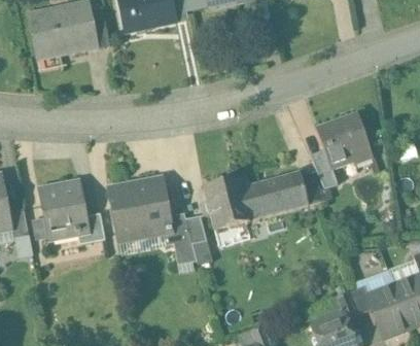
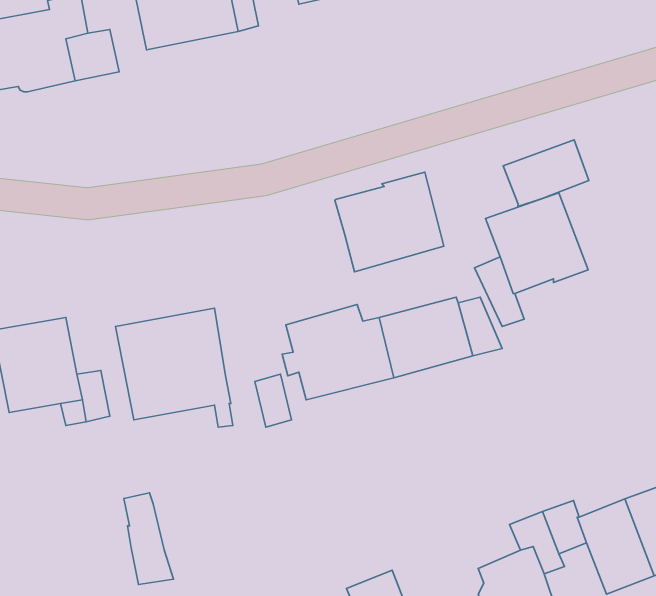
building: none -> [503,140,589,206]
building: none -> [335,172,444,272]
building: [169,212,197,264] -> [124,493,173,585]

